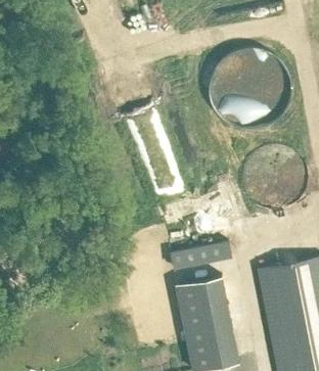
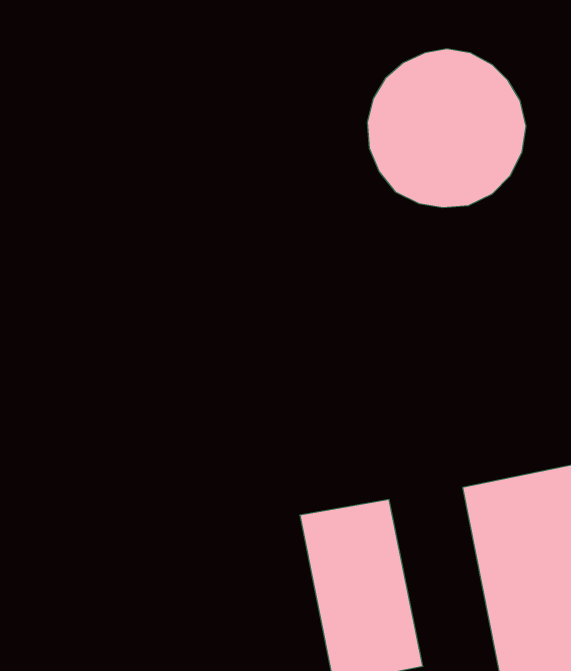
building: [169,242,230,271] -> none

